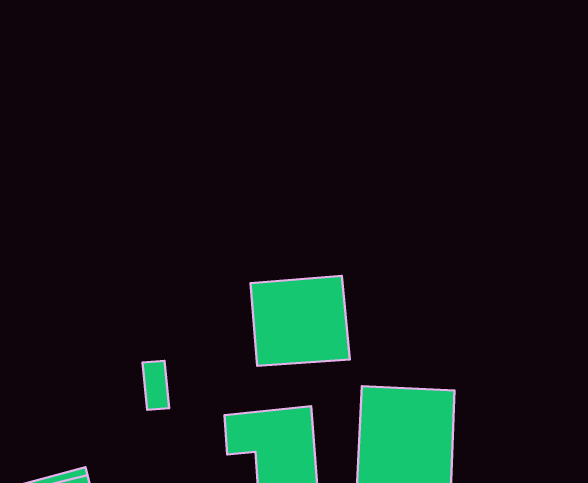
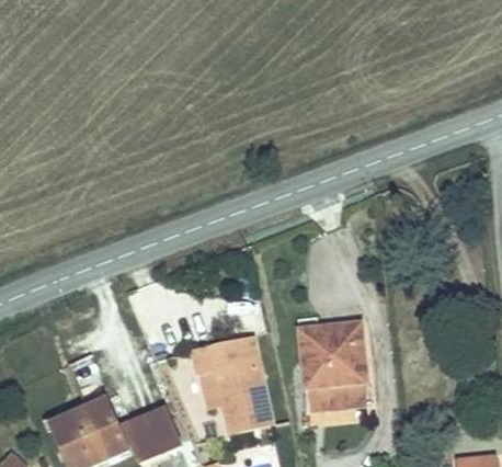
building: [251,276,350,366] -> none

